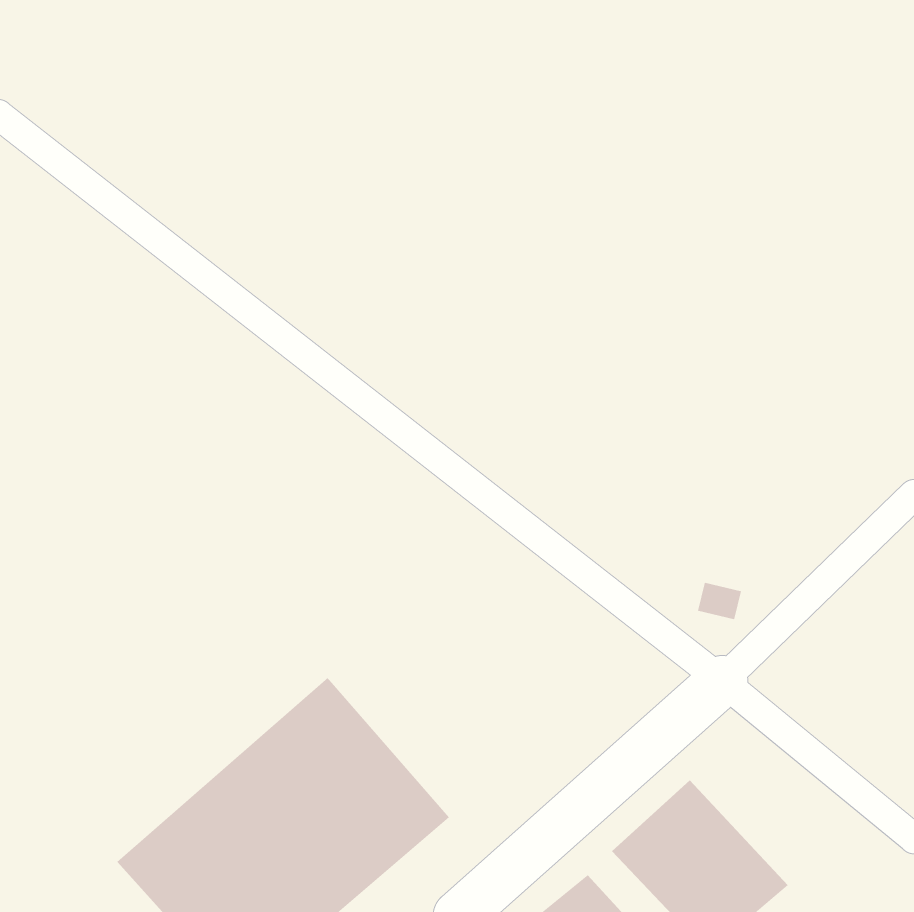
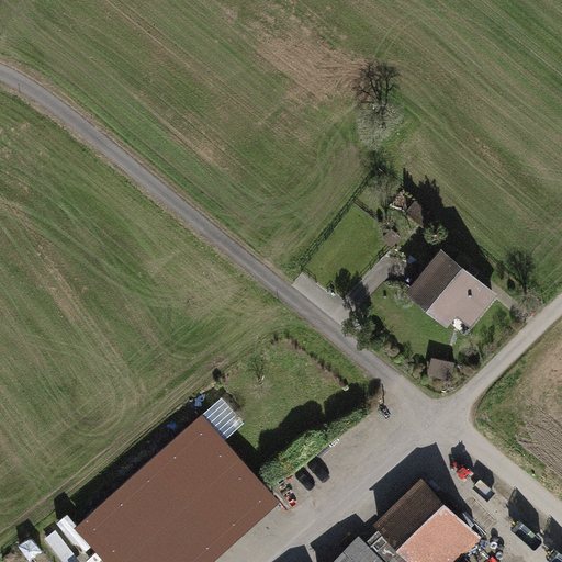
building: none -> [405,249,496,333]

